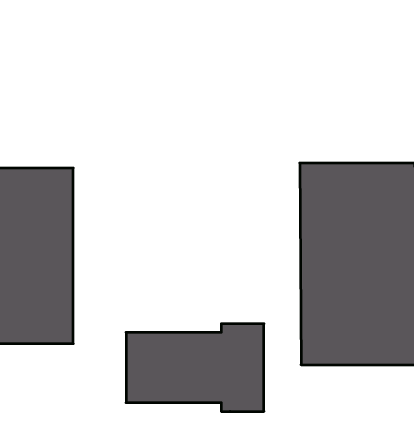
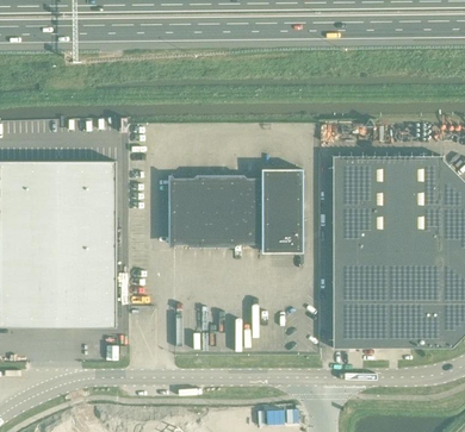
building: [126,324,264,411] -> [170,169,302,252]

